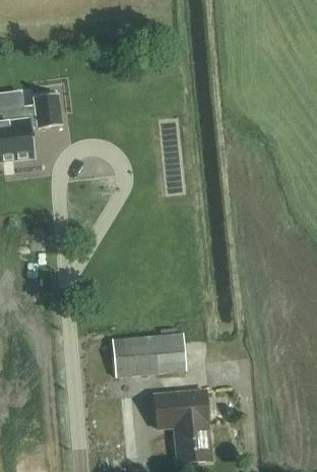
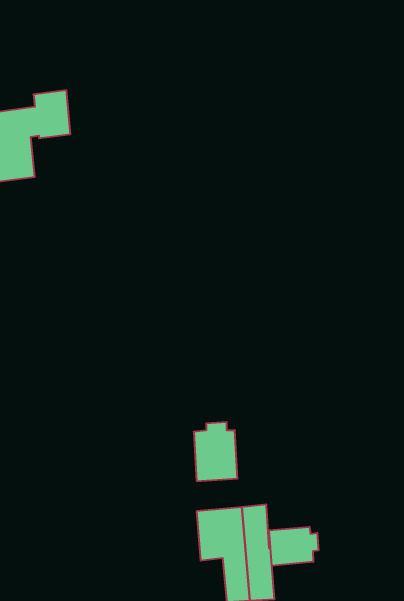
building: [112,336,153,375] -> none
building: none -> [269,527,319,566]

